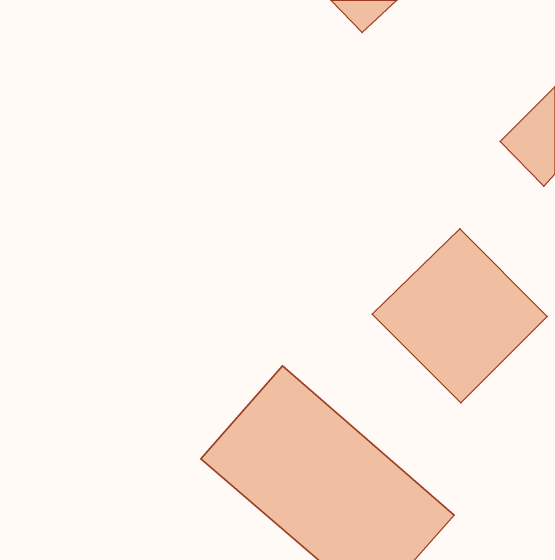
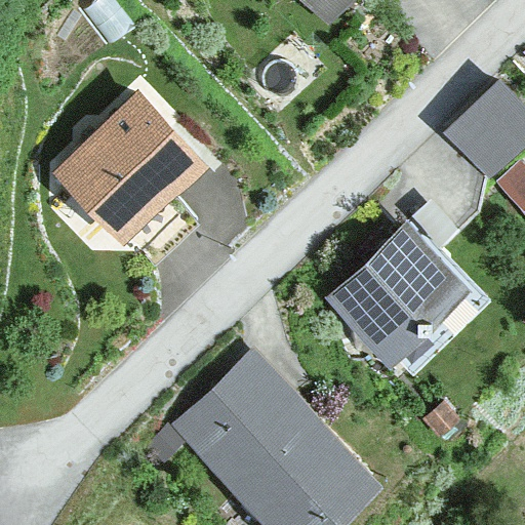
building: none -> [62,91,229,258]

